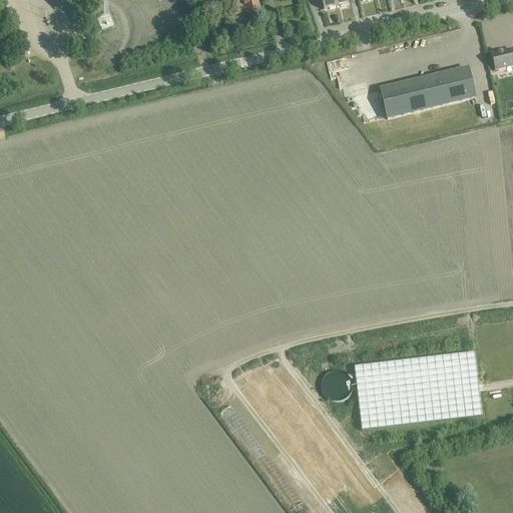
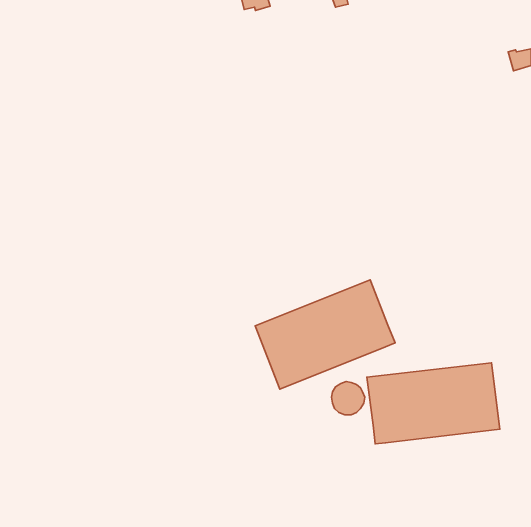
building: [380,66,475,116] -> none
building: none -> [255,280,395,389]

